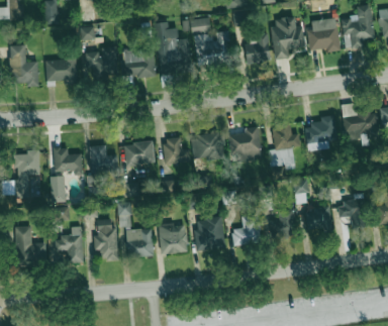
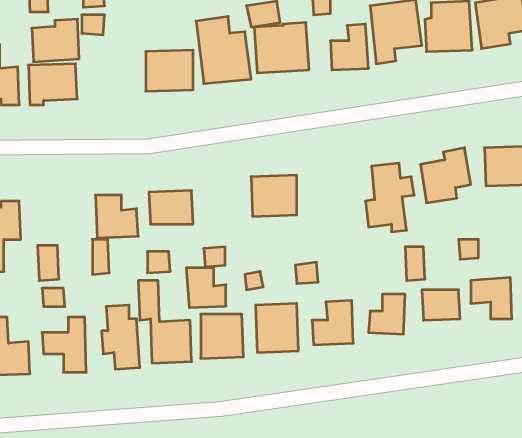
building: [85,46,116,75] -> [32,19,79,62]
building: [229,126,261,159] -> none
building: [163,137,189,164] -> [186,268,226,308]
building: [54,147,82,175] -> none

